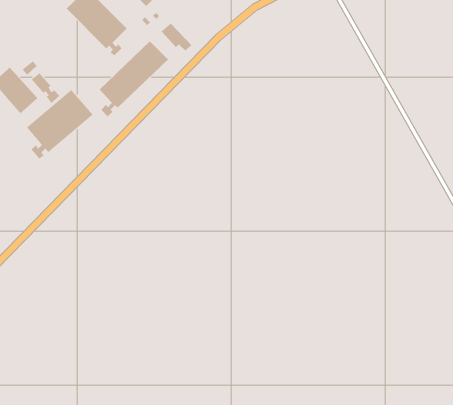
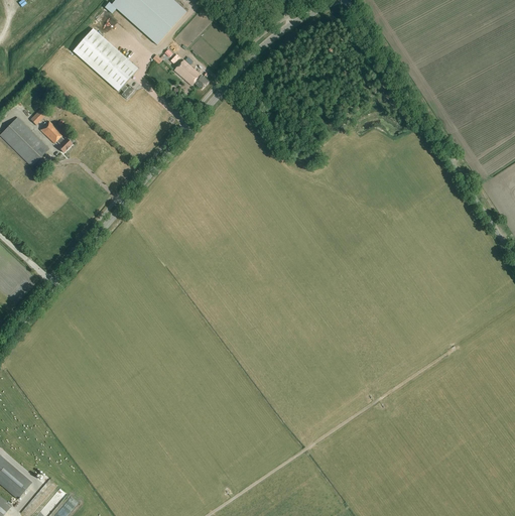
building: [99,40,169,117] -> none
building: [26,89,93,159] -> none

